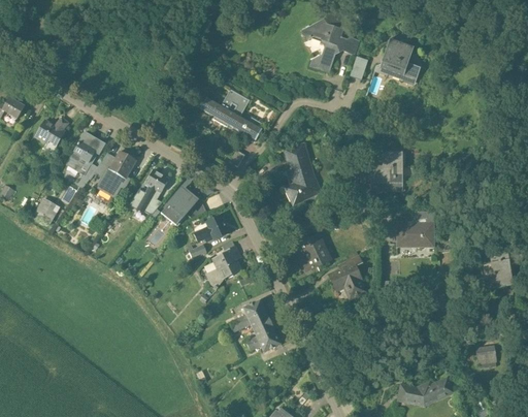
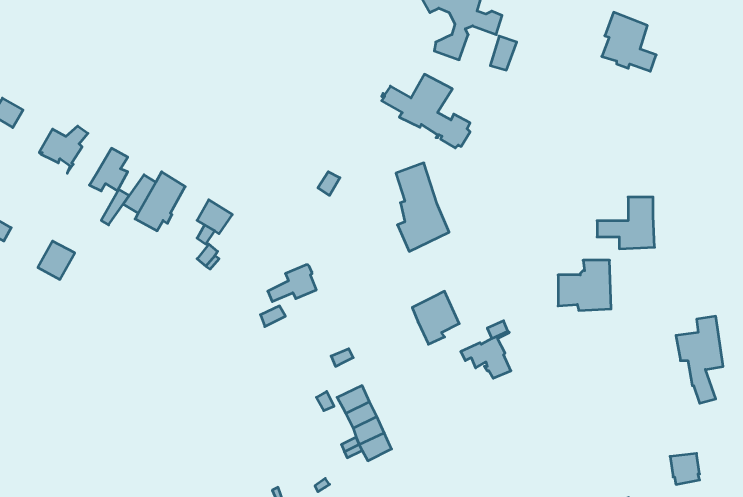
building: [382,37,420,78] -> [602,12,656,71]
building: [200,89,262,140] -> [382,74,470,148]
building: [361,155,401,191] -> [597,197,655,249]
building: [161,187,206,224] -> none
building: [207,246,240,289] -> none

